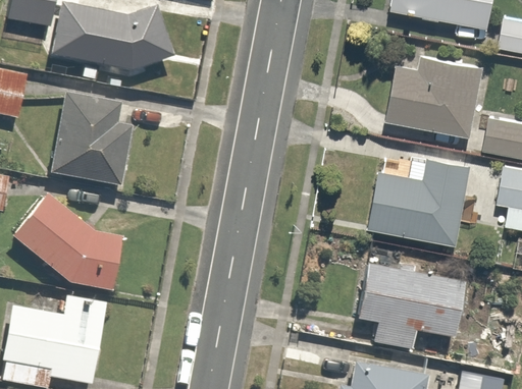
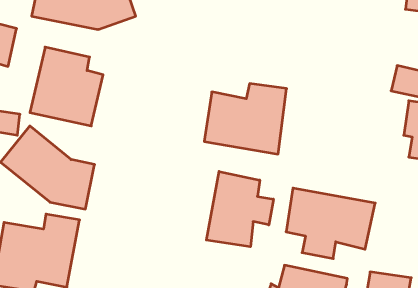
building: [385,54,485,137] -> none
building: [370,160,470,245] -> [204,84,287,154]
building: none -> [206,171,273,247]

